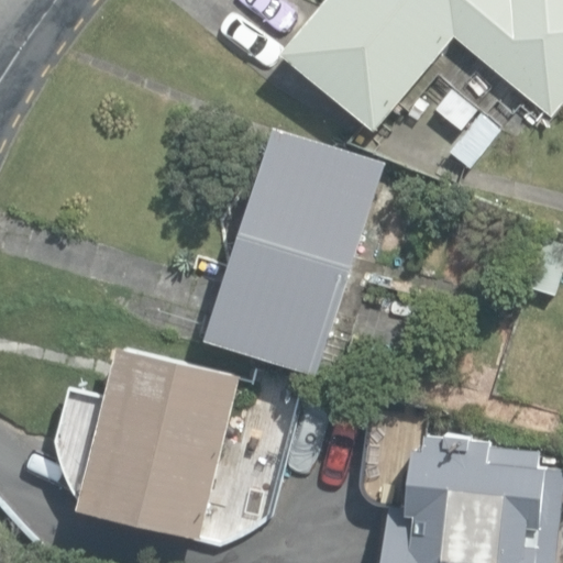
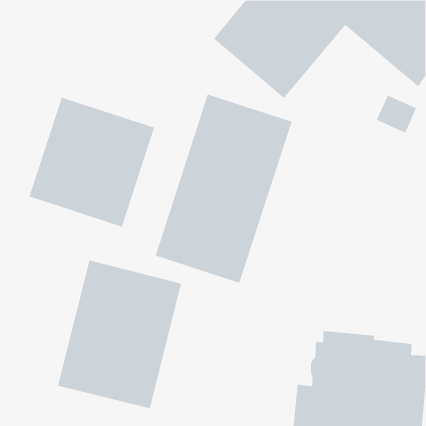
building: none -> [29,97,155,228]

